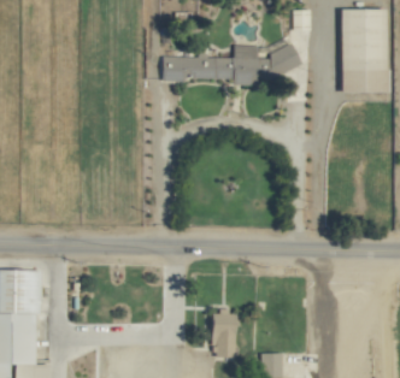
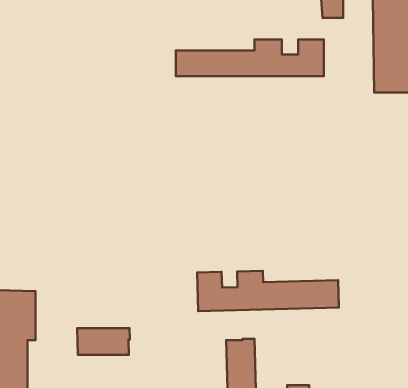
building: none -> [197,271,339,311]
building: none -> [77,328,130,355]

